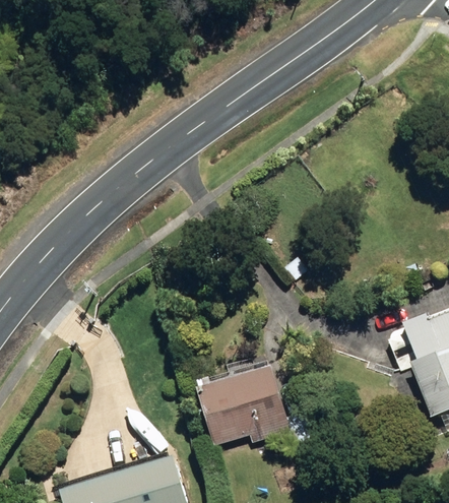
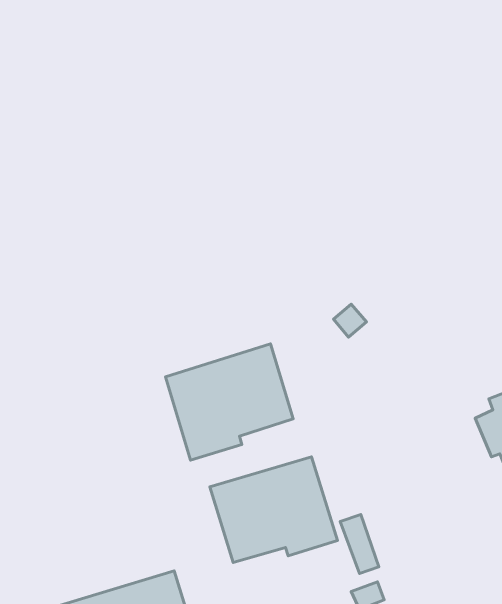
building: none -> [165,344,293,460]

